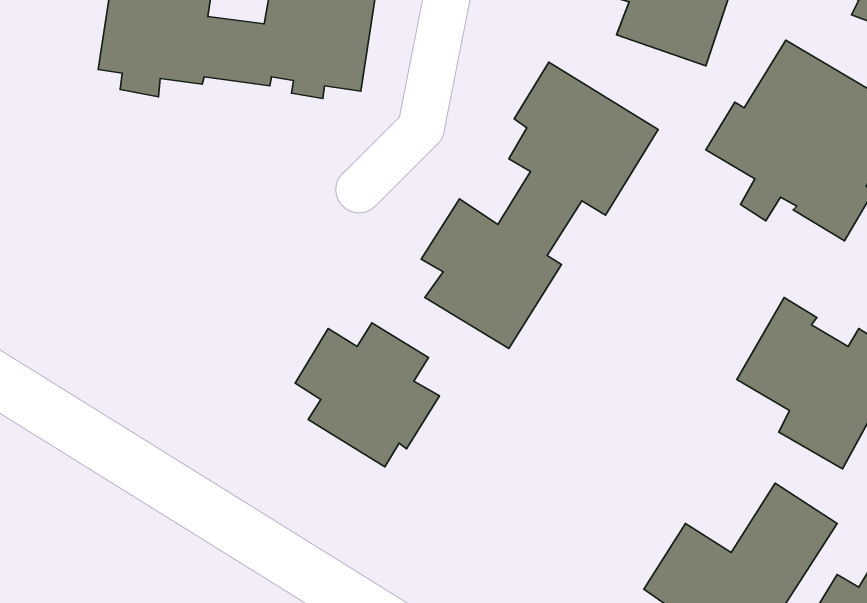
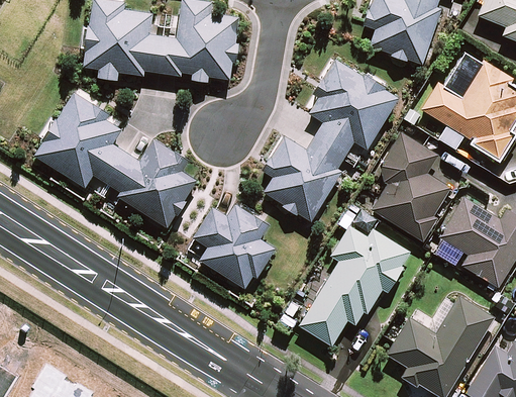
building: none -> [36,94,196,225]
building: none -> [373,133,453,238]
building: none -> [300,226,412,345]

